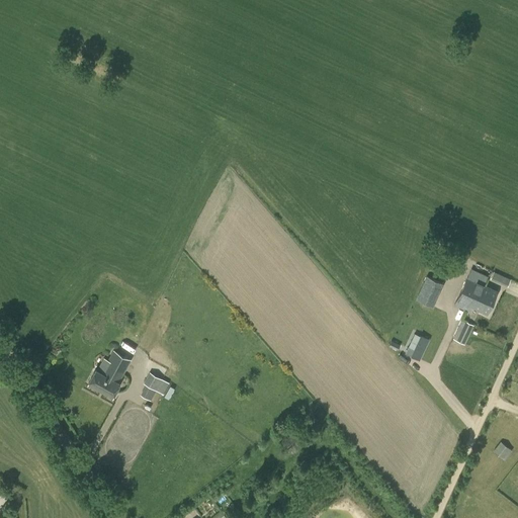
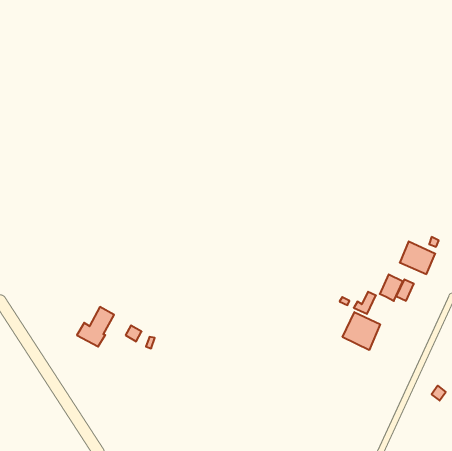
building: [417,277,443,308] -> [380,274,403,301]
building: none -> [343,312,380,350]

